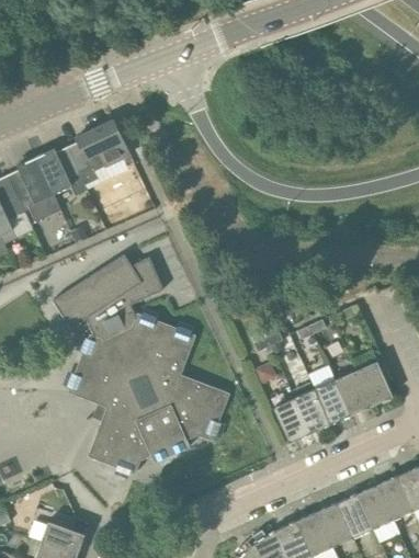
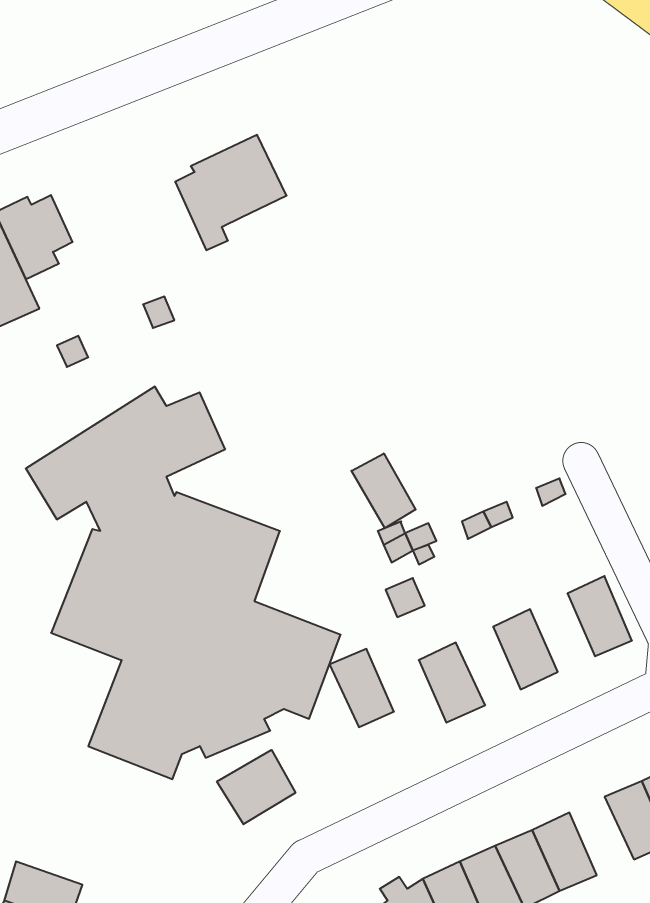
building: [67,121,129,185] -> [175,135,287,250]
building: none -> [351,453,416,528]
building: [336,371,372,414] -> none
building: [294,389,330,433] -> [329,649,394,727]
building: none -> [217,750,295,824]
building: [358,485,394,528] -> none

